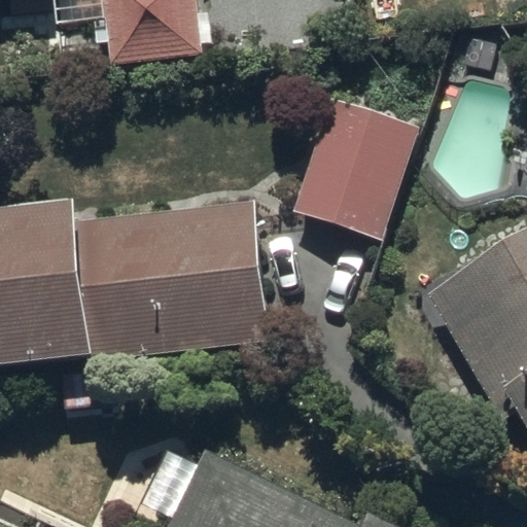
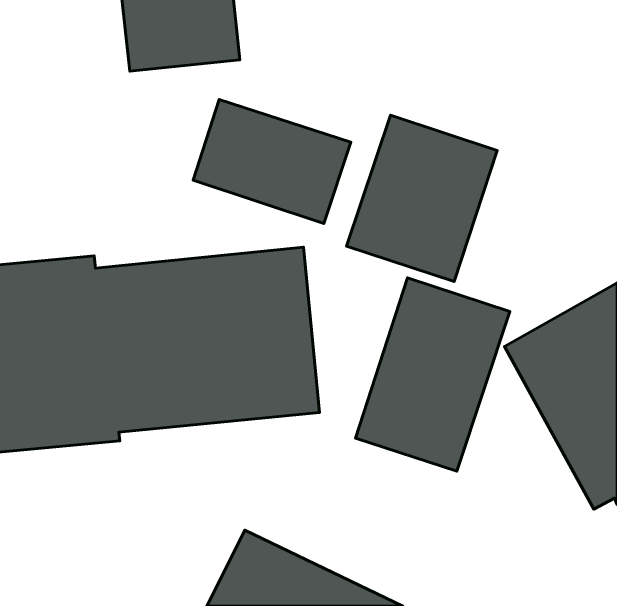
building: none -> [193,99,351,223]
building: none -> [355,278,510,471]

